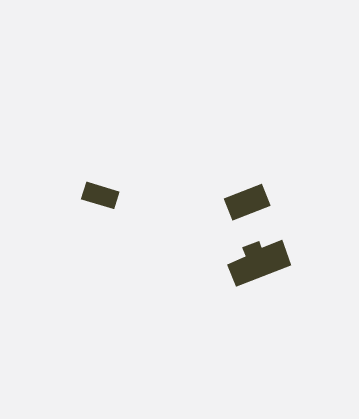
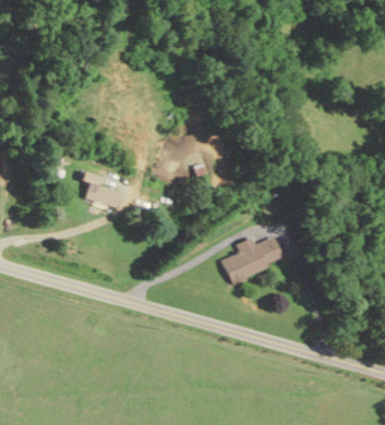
building: [223,183,271,221] -> none

